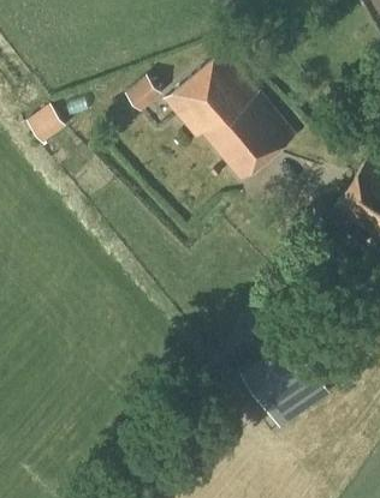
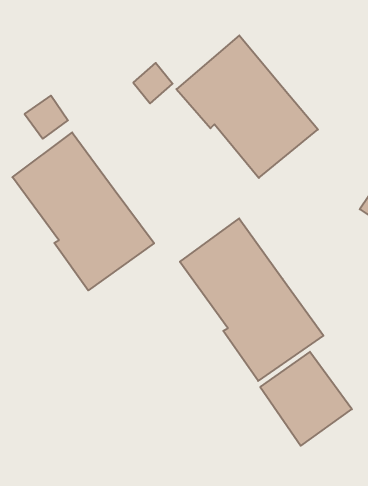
building: none -> [12,132,154,290]
building: none -> [180,218,323,381]

